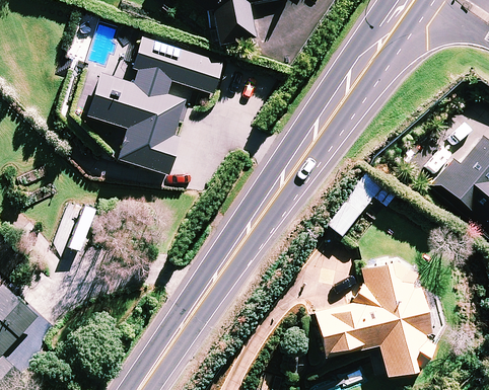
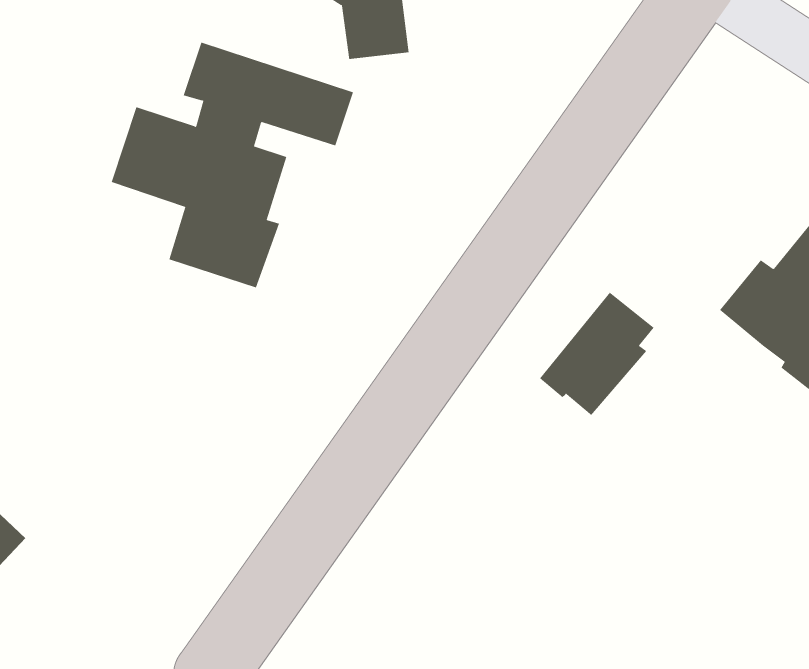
building: [317,260,439,372] -> none

